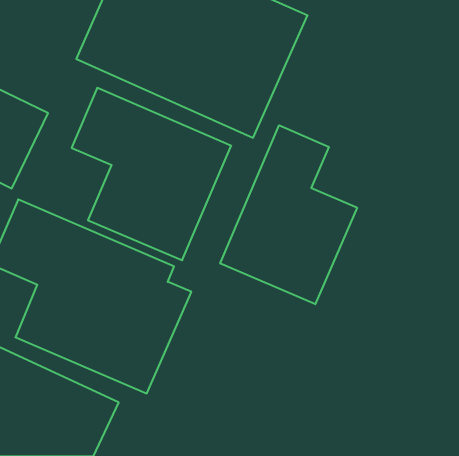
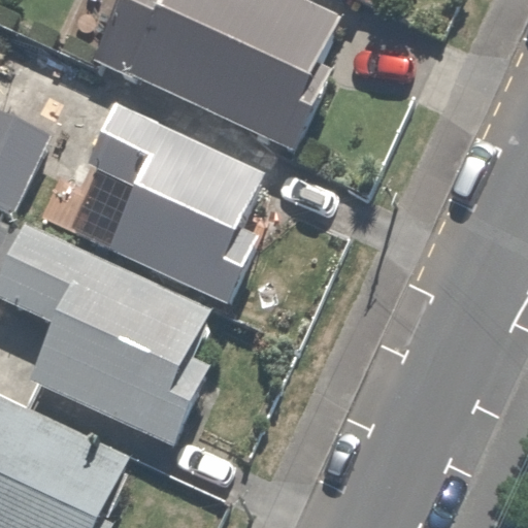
building: [220,125,357,304] -> none

